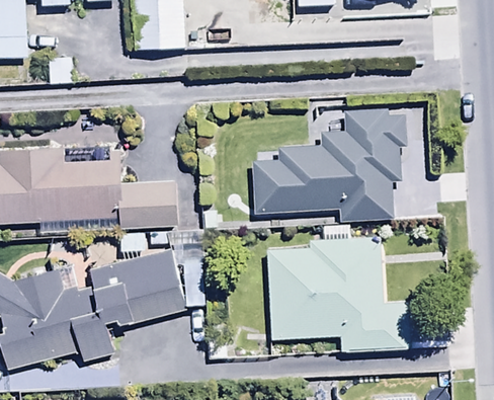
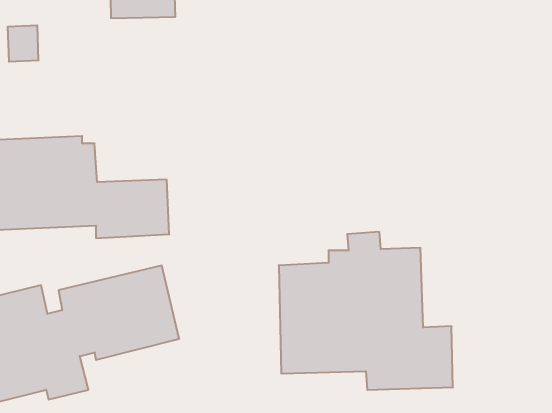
building: [253,108,406,220] -> none

